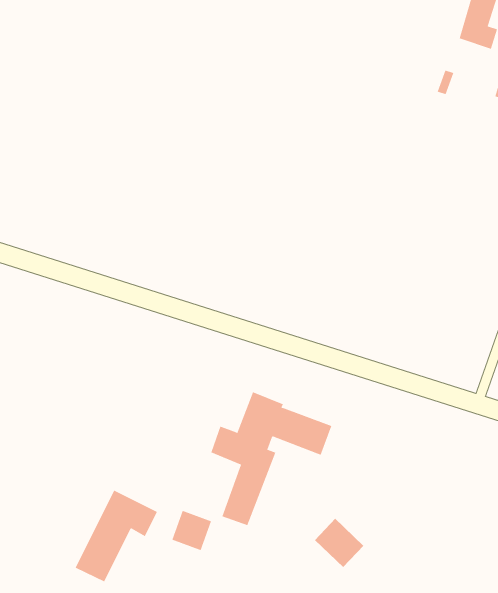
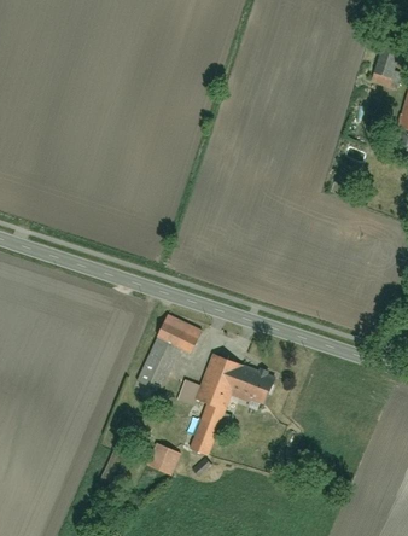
building: [75,490,158,582] -> [138,317,202,389]
building: [314,518,364,568] -> none

